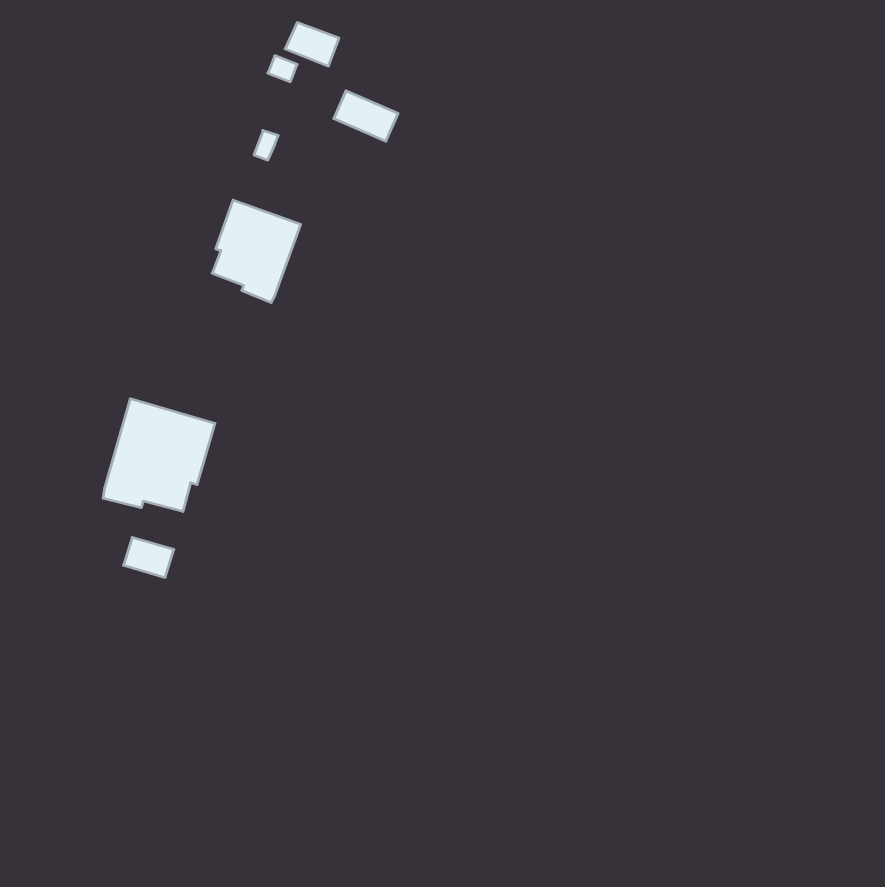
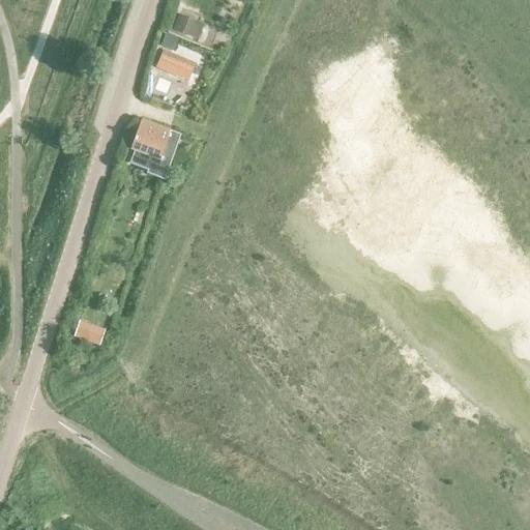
building: [334,91,398,141] -> [157,50,196,80]
building: [103,399,215,512] -> none

